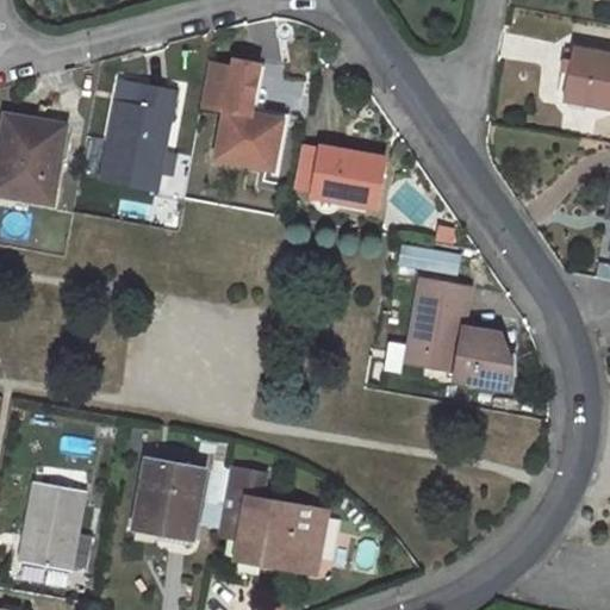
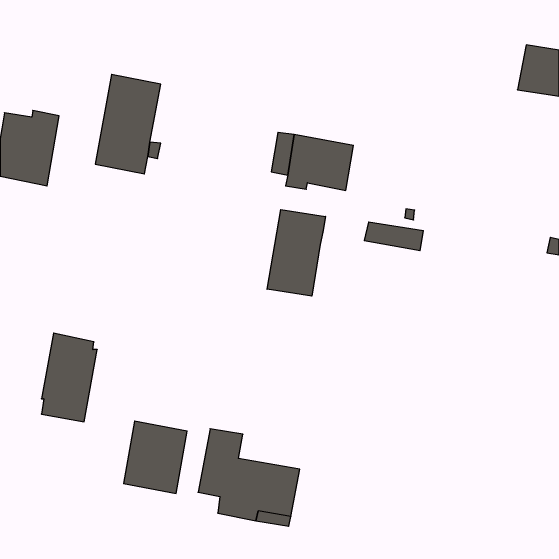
building: [201,61,290,168] -> none
building: none -> [267,210,325,296]
building: [406,276,511,387] -> none
building: [24,474,85,571] -> [41,333,97,422]

